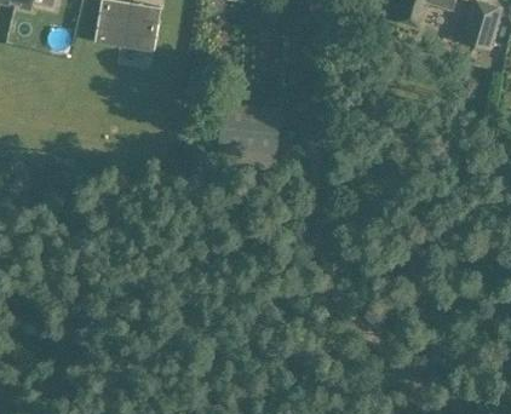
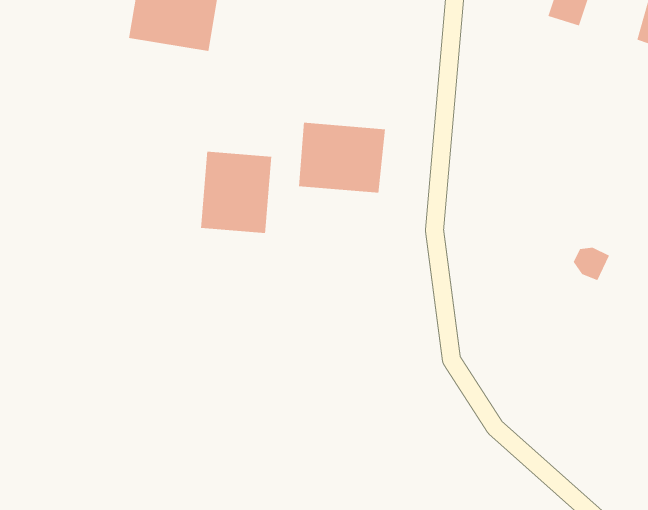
building: none -> [201,151,272,234]

